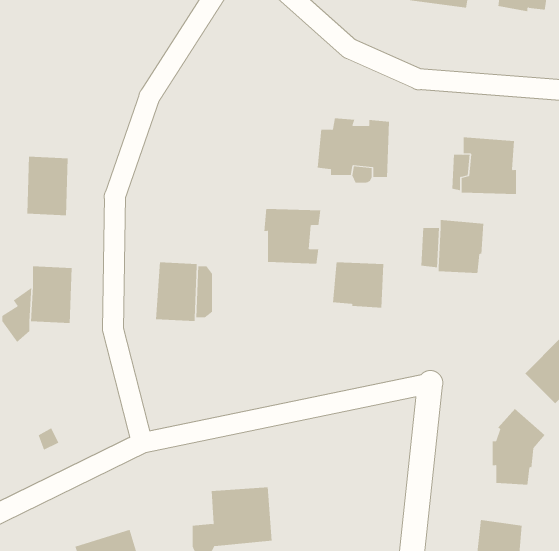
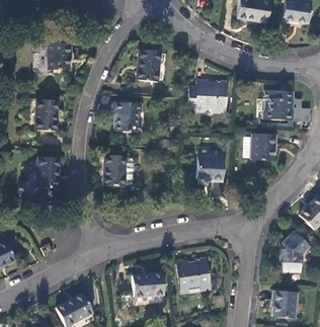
building: none -> [48,43,71,69]
building: none -> [136,49,160,81]
building: [263,208,321,264] -> [112,102,143,132]
building: none -> [177,258,212,293]

